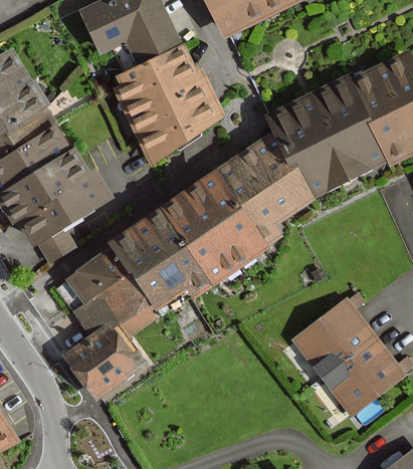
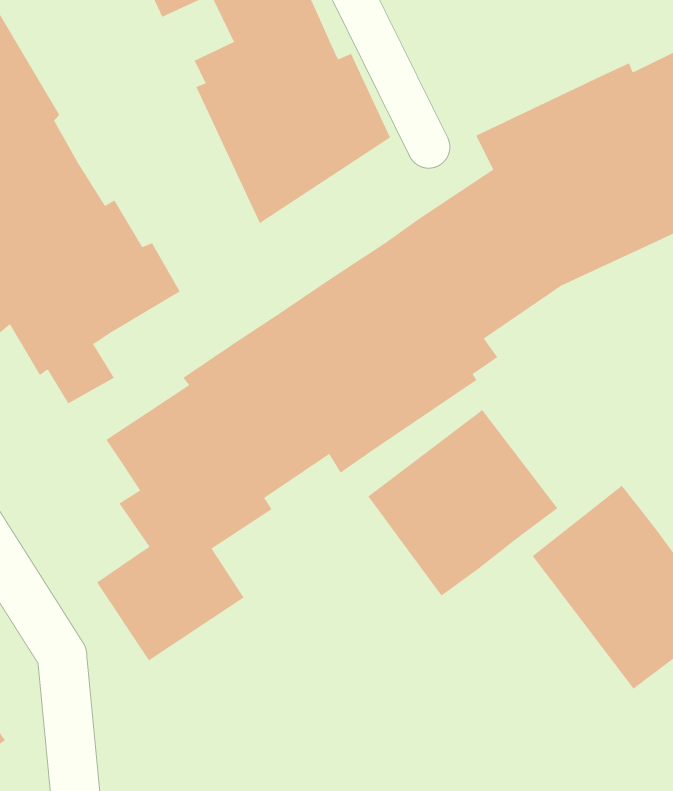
building: none -> [368,409,558,597]

